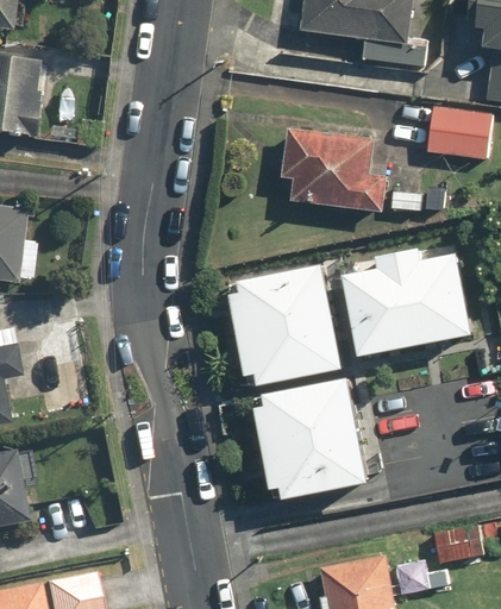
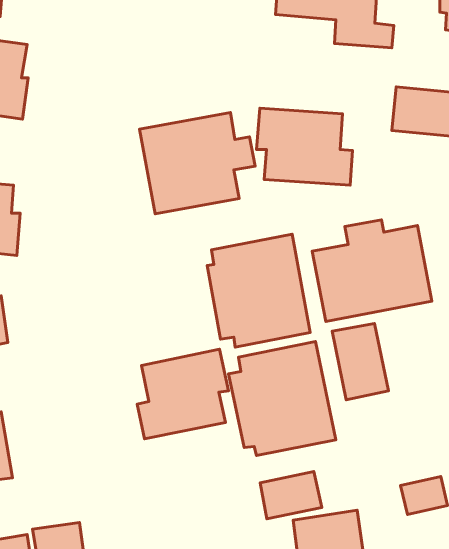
building: none -> [140,113,255,214]
building: none -> [332,323,388,400]
building: none -> [137,349,229,439]
building: none -> [260,472,322,519]

